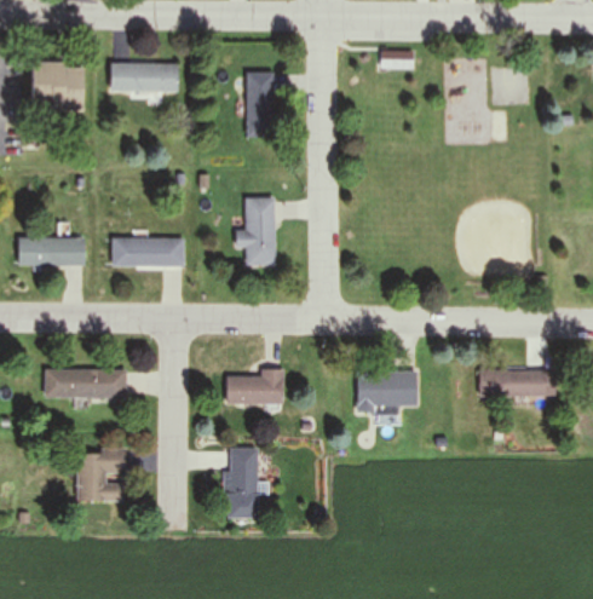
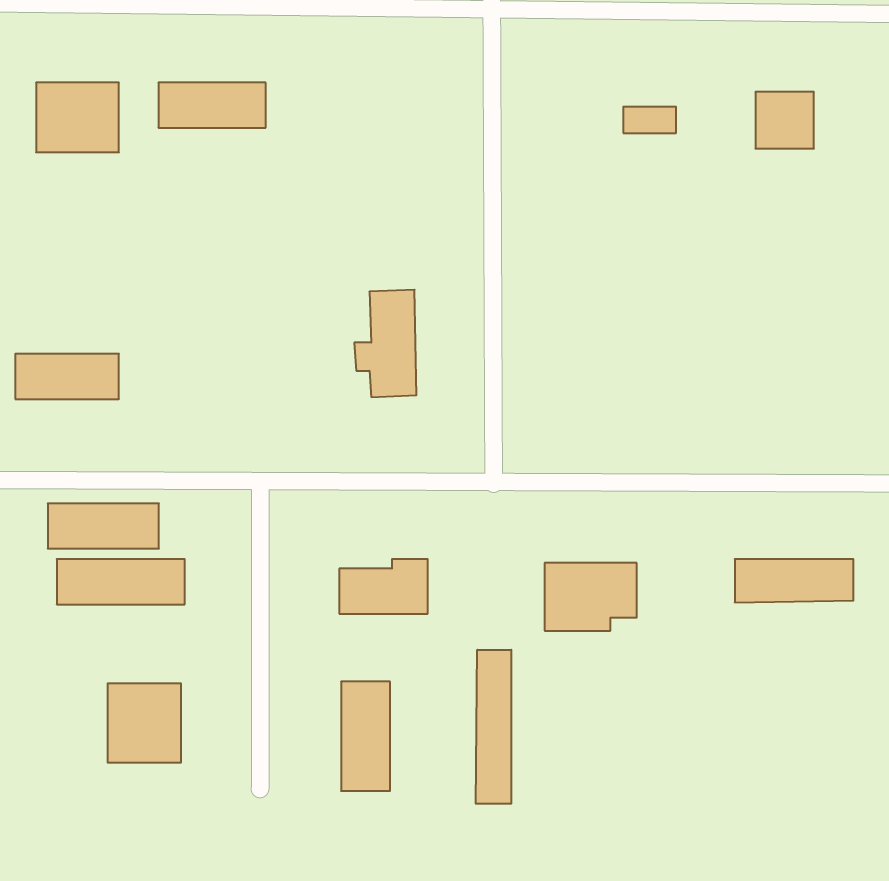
building: [381,51,415,68] -> [623,107,676,133]
building: [247,71,276,134] -> none
building: [113,238,184,267] -> [48,503,159,549]
building: none -> [476,650,511,804]

